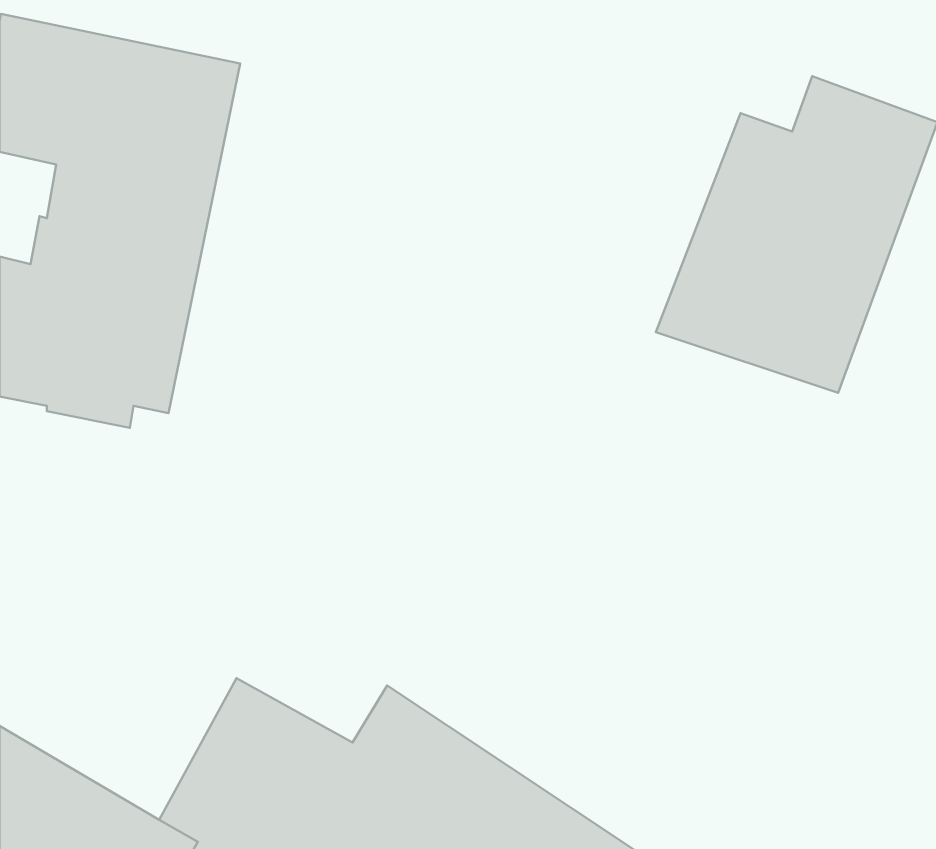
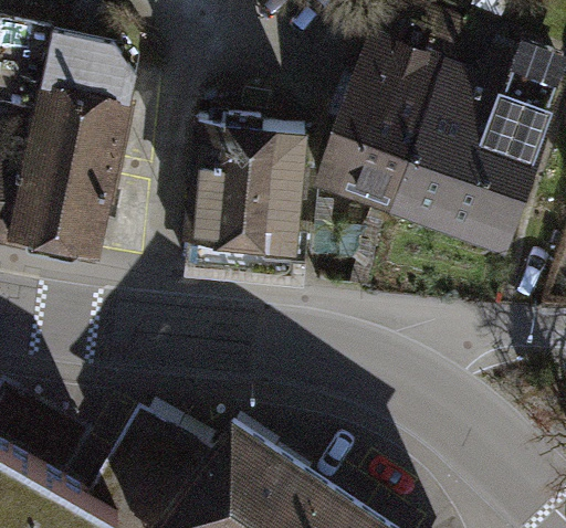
building: none -> [321,36,451,208]
building: none -> [187,116,306,276]

